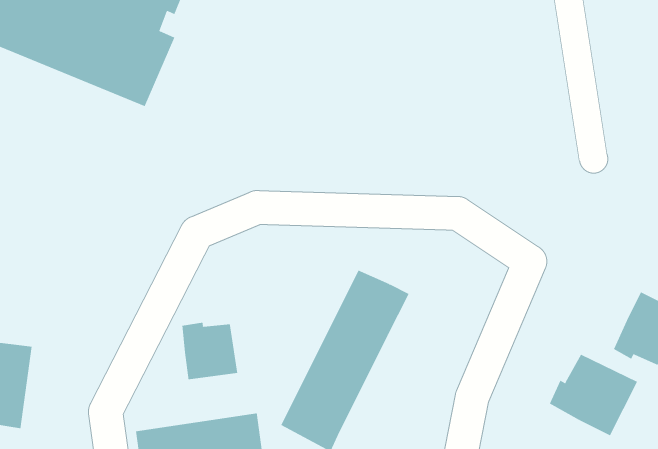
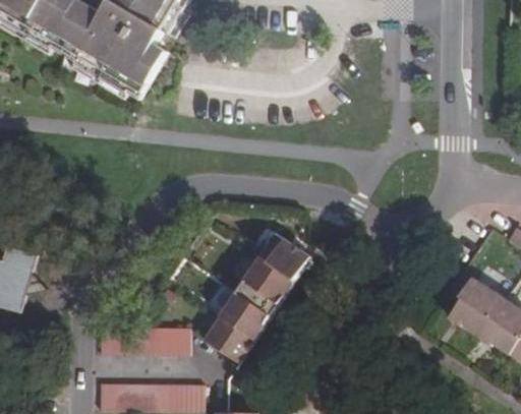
building: [182,322,238,380] -> none
building: [549,354,638,436] -> none

